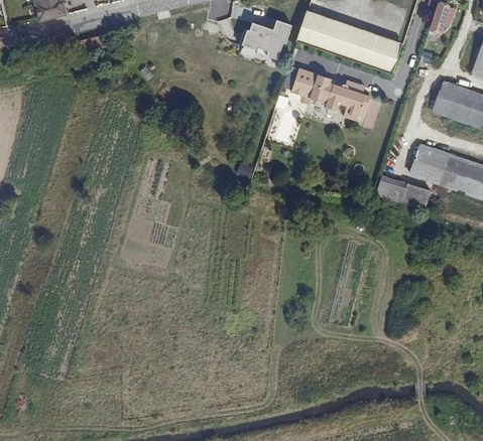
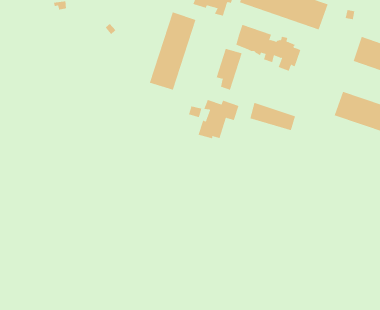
building: none -> [149,12,196,90]
building: none -> [198,99,239,139]
building: [375,174,430,207] -> [249,102,296,131]

